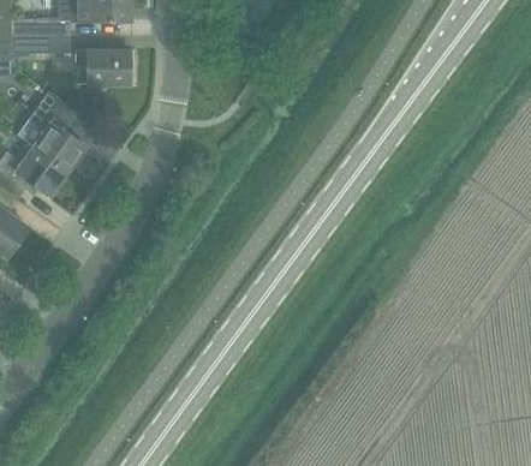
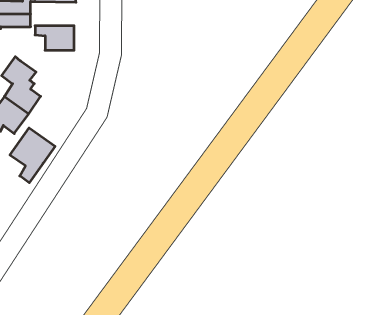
building: none -> [10,128,55,183]

